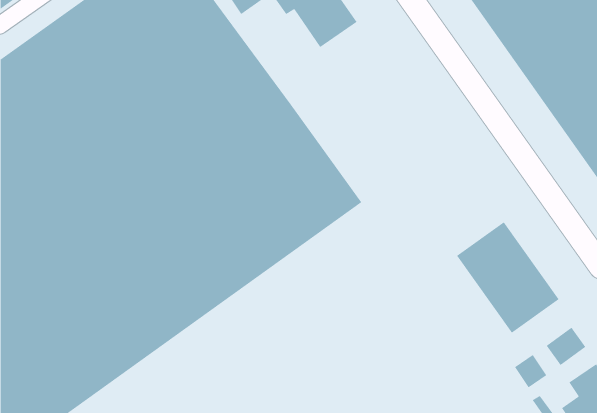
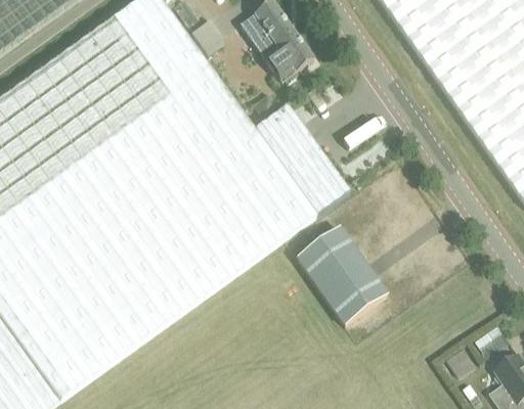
building: none -> [256,107,351,216]
building: [456,222,560,333] -> [298,228,388,325]

